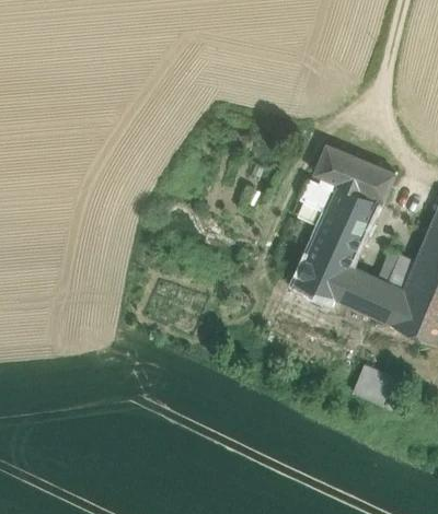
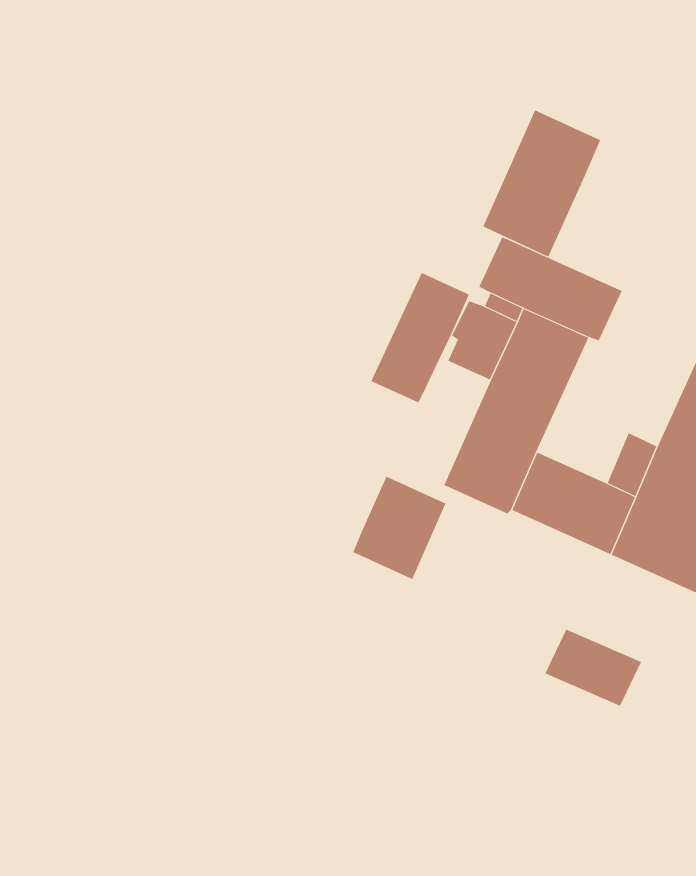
building: none -> [483,109,601,257]
building: none -> [370,272,469,403]
building: none -> [353,476,446,580]

